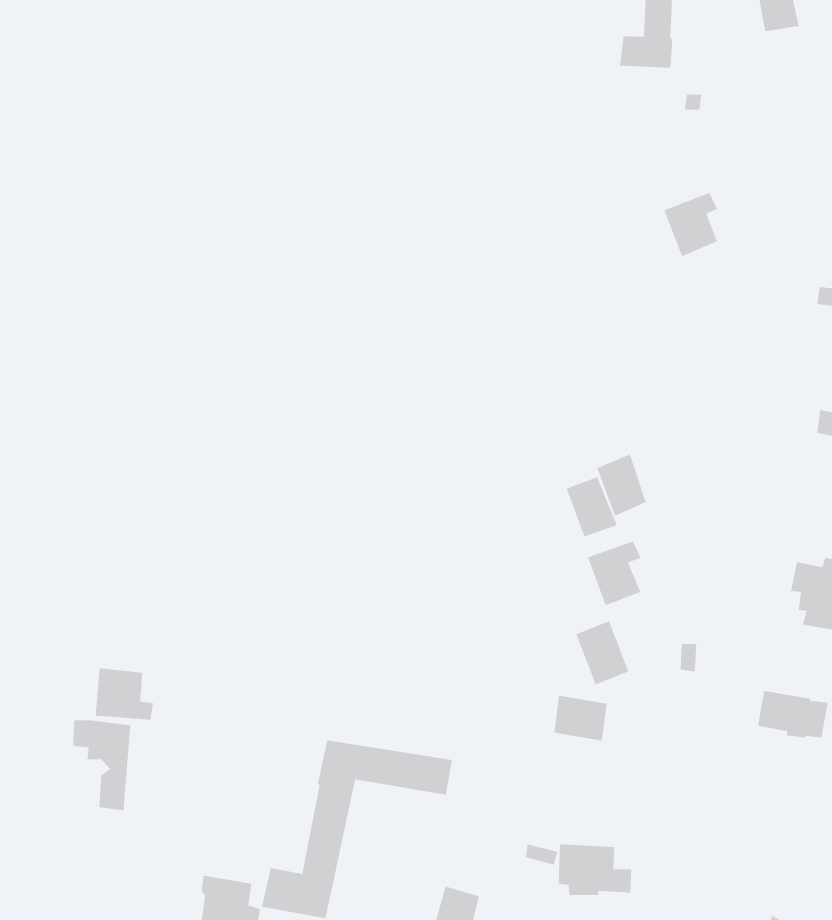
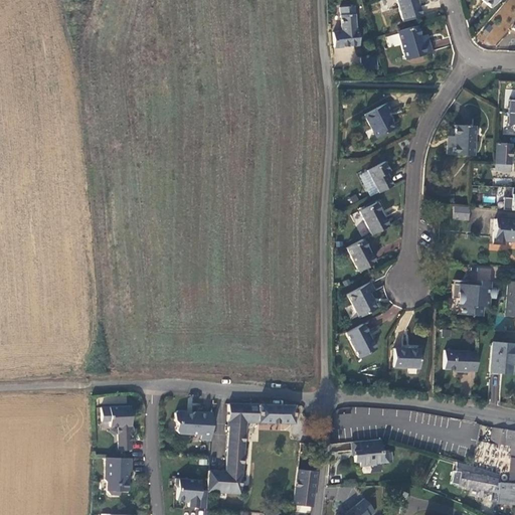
building: none -> [398,25,431,58]
building: none -> [368,162,393,192]
building: [566,476,617,537] -> [361,203,389,234]
building: [95,668,153,721] -> none
building: [553,695,607,741] -> [395,347,420,367]
building: none -> [176,410,214,439]
building: none -> [106,457,134,494]

